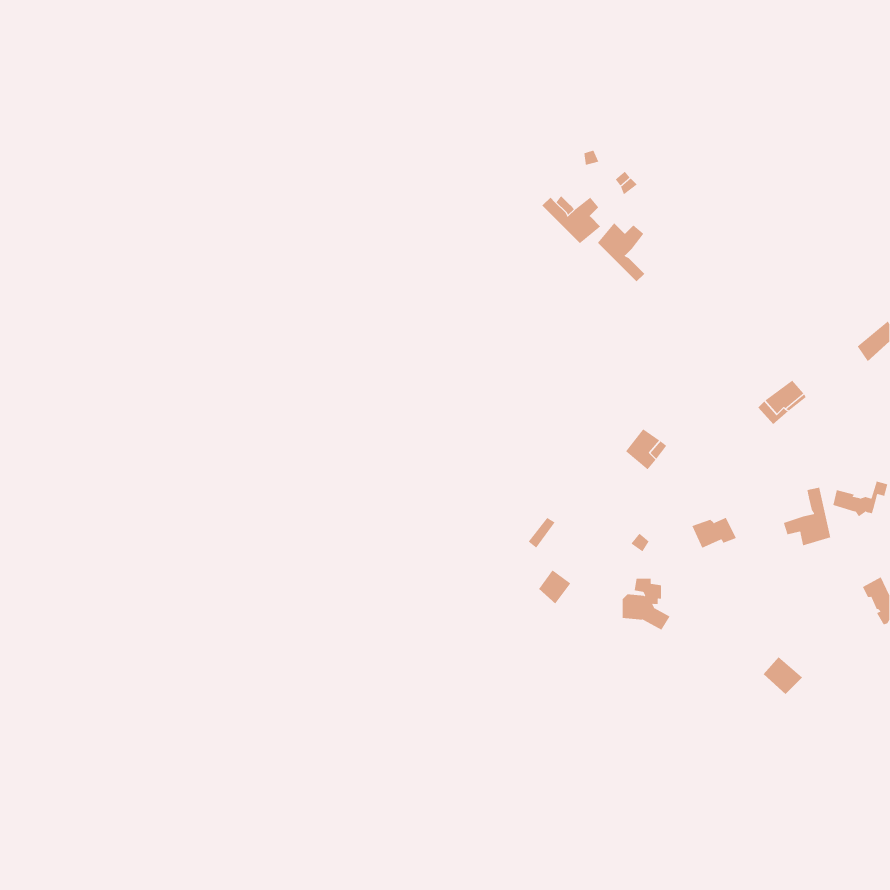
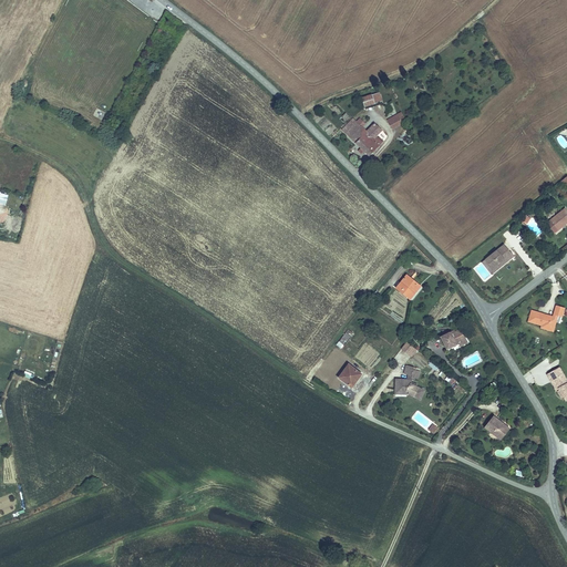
building: [597,222,645,282] -> none
building: [783,487,831,546] -> none

